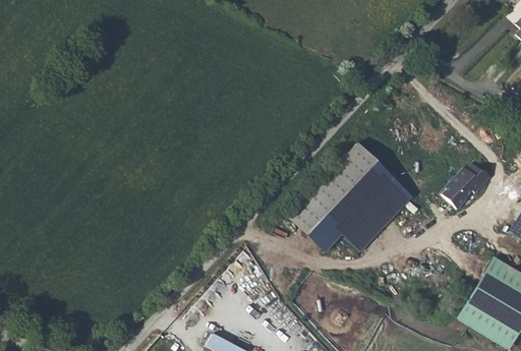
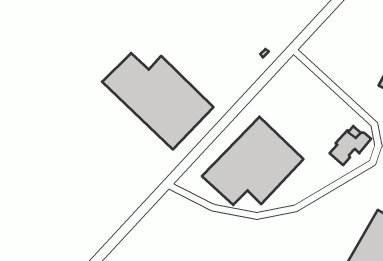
building: none -> [102,53,213,149]

